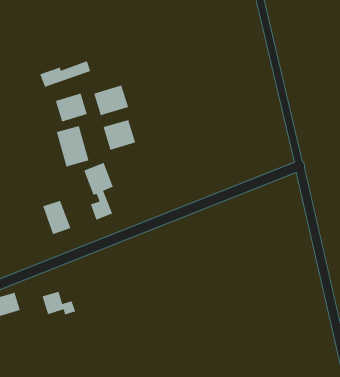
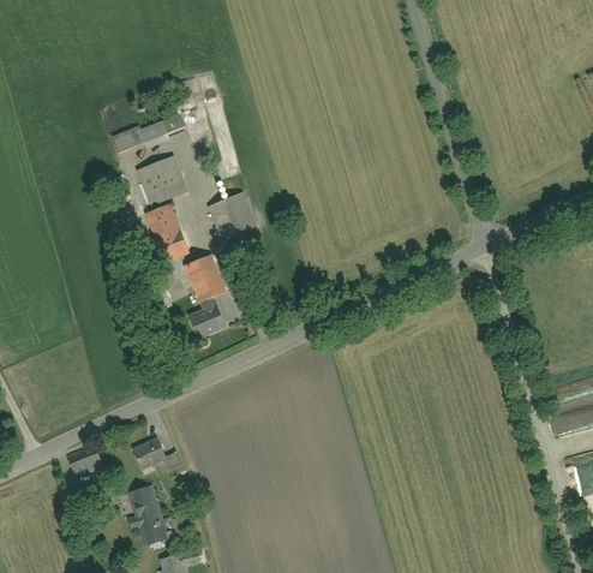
building: [93,84,129,116] -> none
building: [42,200,71,235] -> none
building: none -> [127,485,169,547]

